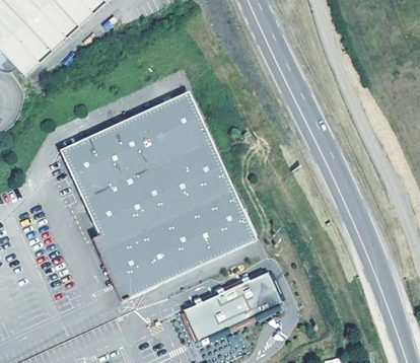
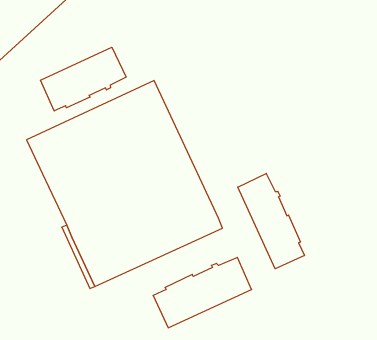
building: none -> [40,47,126,111]
building: none -> [238,173,304,269]

